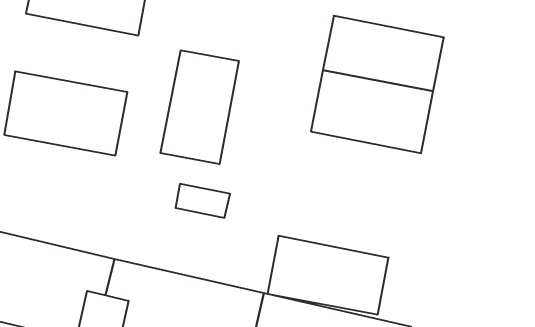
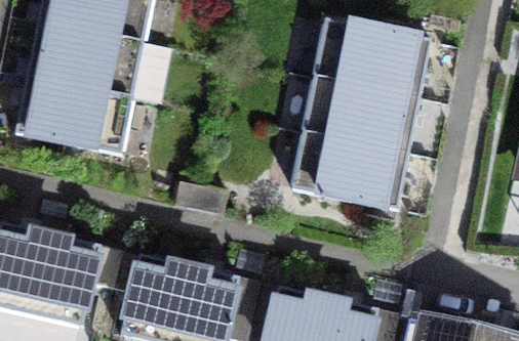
building: none -> [27,19,143,93]
building: [160,50,239,164] -> none
building: [267,236,389,315] -> [294,130,408,204]

